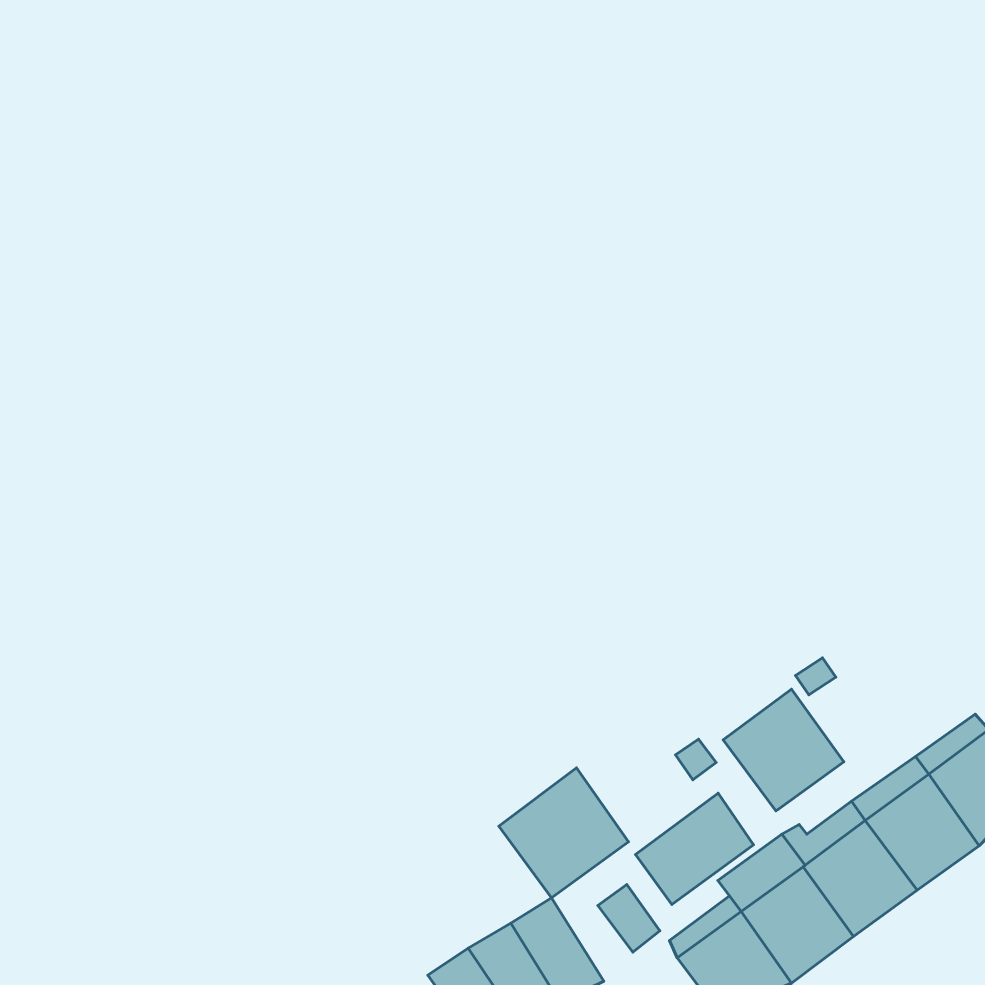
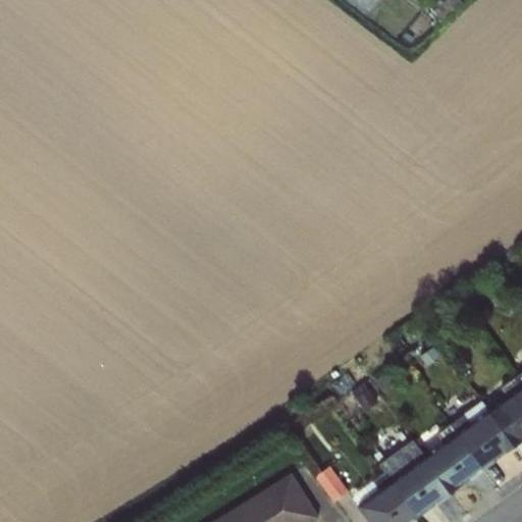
building: [723,689,844,811] -> none
building: [499,768,629,898] -> none
building: [635,793,754,904] -> none

